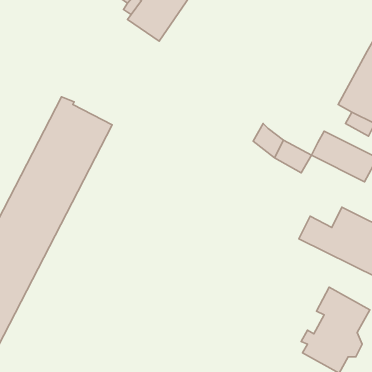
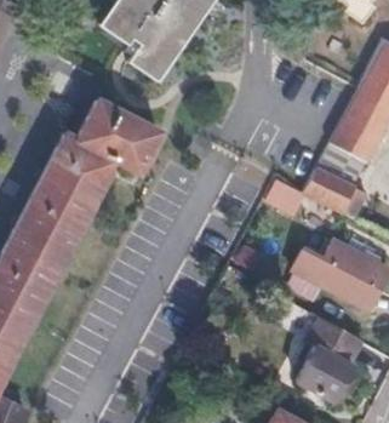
building: none -> [76,102,159,175]

